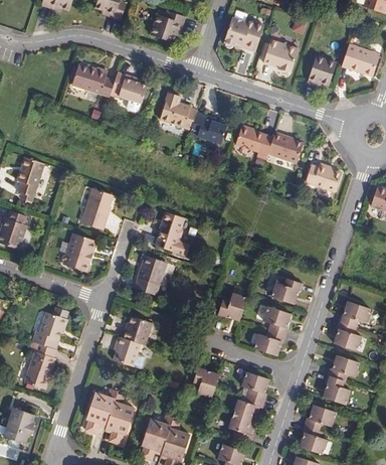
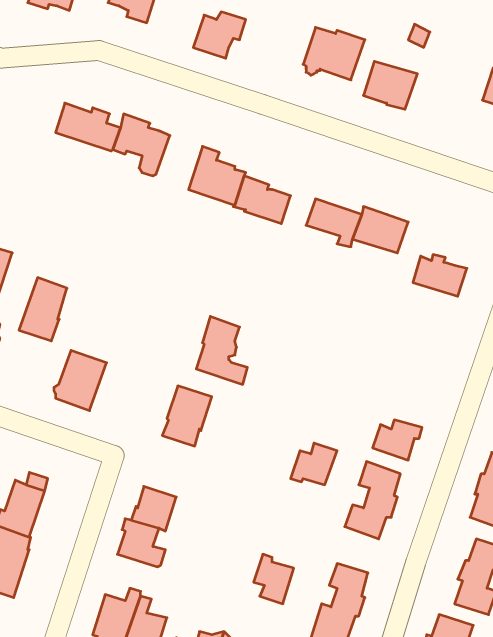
building: [309,57,337,87] -> none
building: [83,186,115,227] -> [19,278,67,341]

